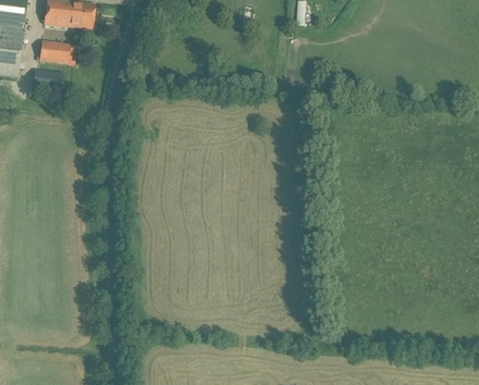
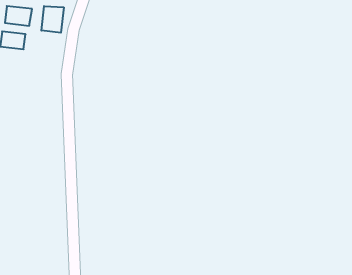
building: none -> [41,6,64,33]

